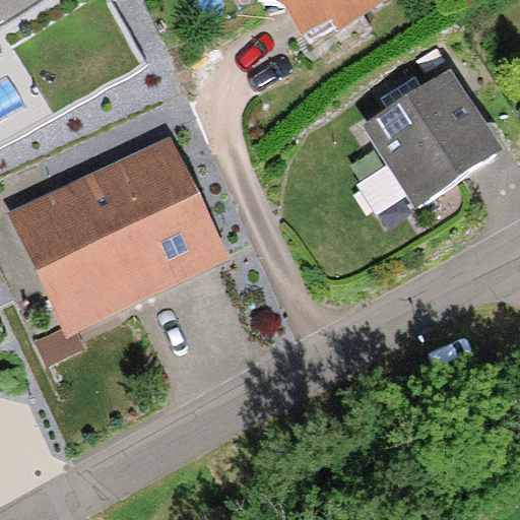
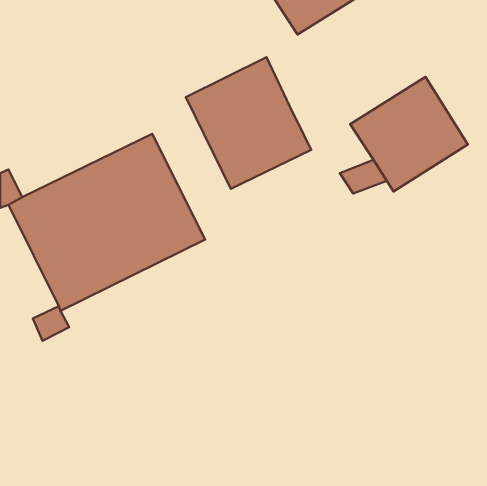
building: none -> [186,57,311,189]

